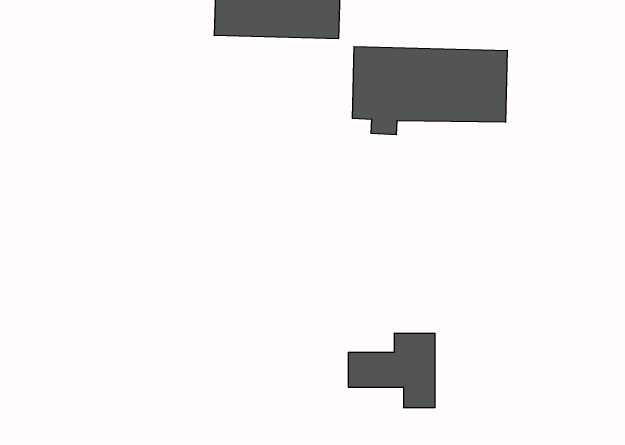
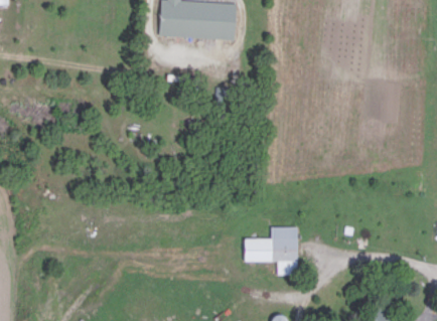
building: [352,47,507,135] -> none

